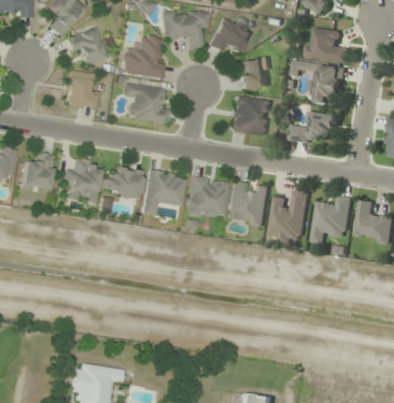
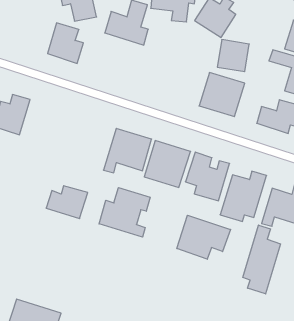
building: [120,81,166,122] -> none
building: [61,159,97,200] -> none
building: [101,166,141,197] -> [46,186,88,219]
building: none -> [99,188,150,237]
building: none -> [243,225,281,294]
building: none -> [177,215,231,259]

